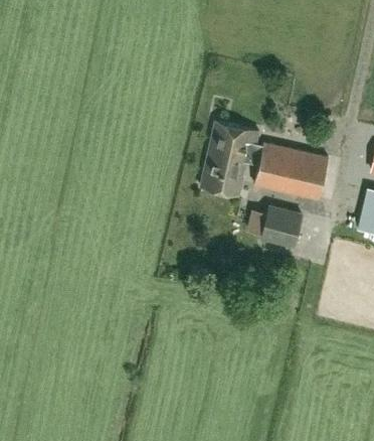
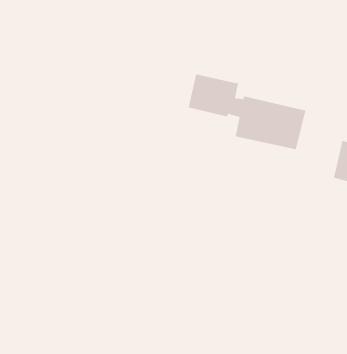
building: [199,155,248,195] -> none
building: [261,206,301,248] -> none

